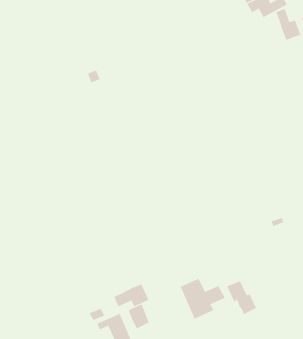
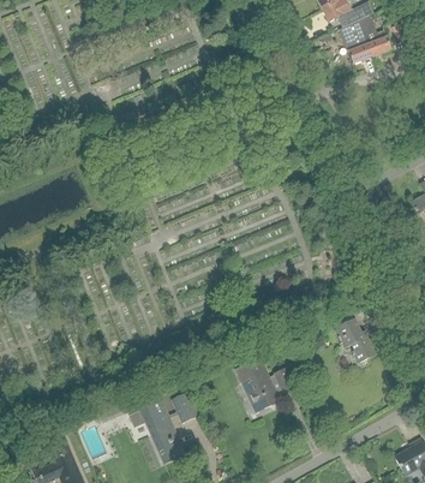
building: none -> [340,20,372,64]
building: [226,281,257,315] -> [337,318,376,362]
building: [114,283,149,307] -> none

